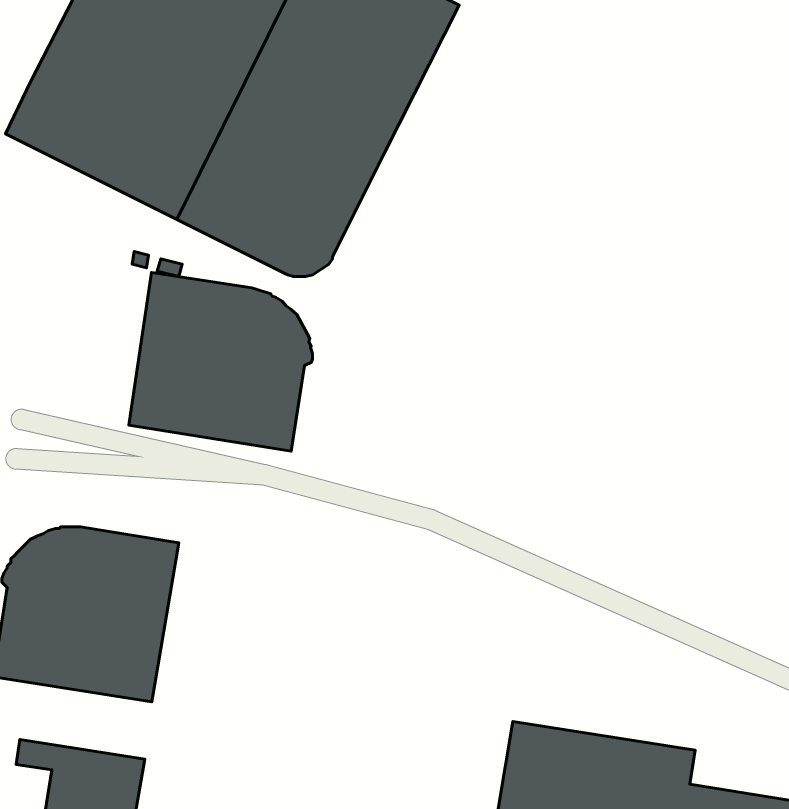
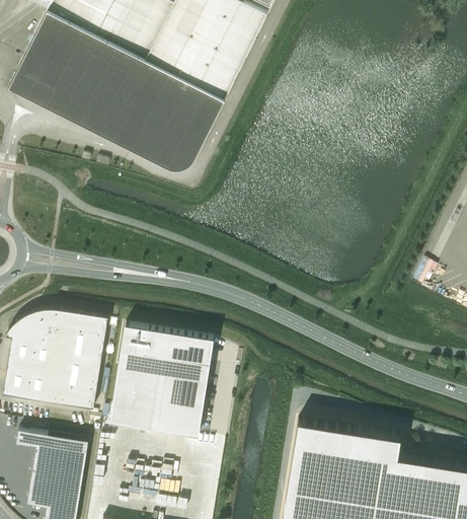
building: [129,272,312,451] -> none
building: none -> [111,328,215,439]

